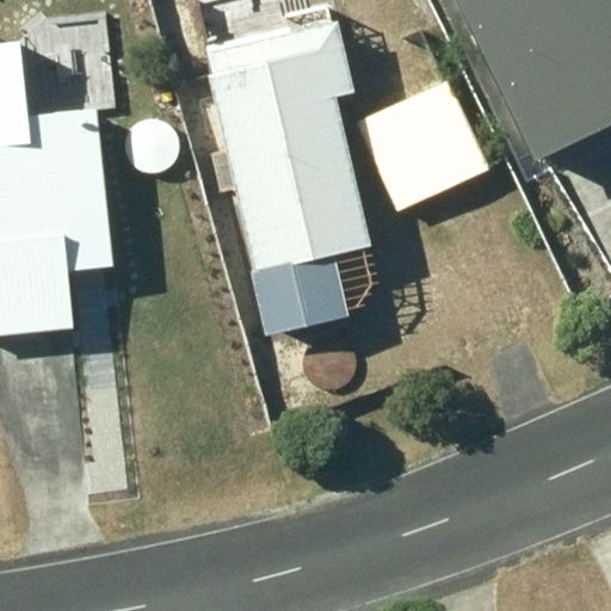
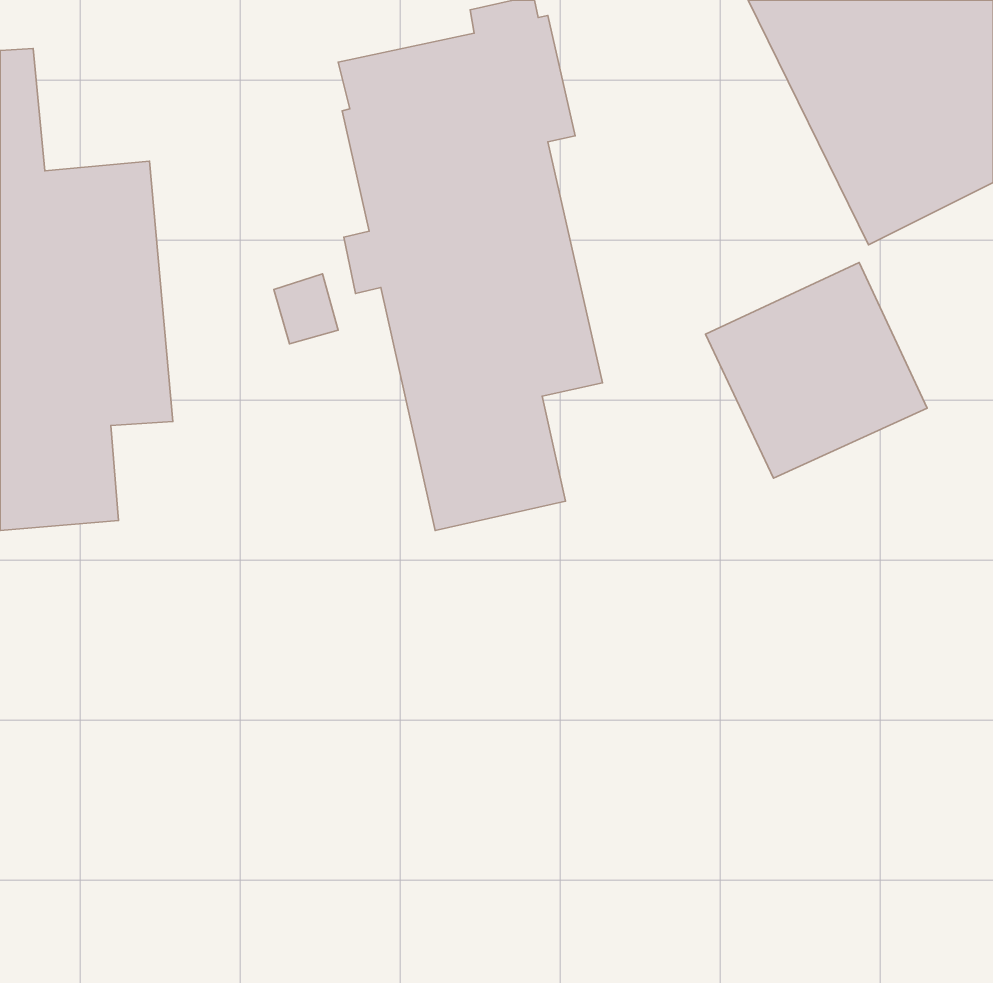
building: [356,78,492,210] -> [706,262,927,478]

